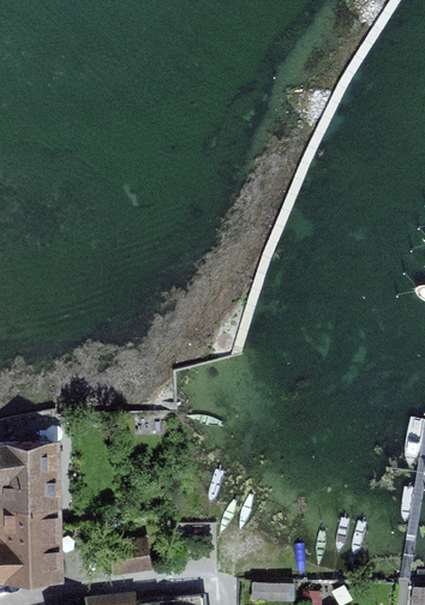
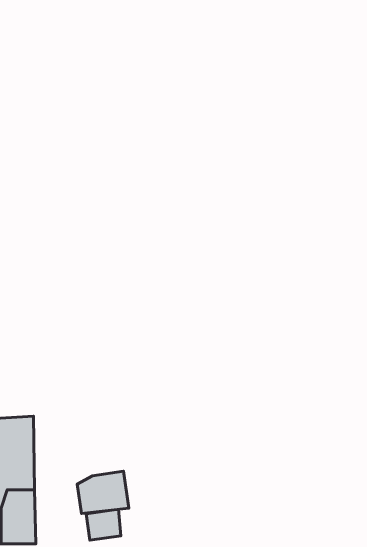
building: none -> [77,471,129,514]

